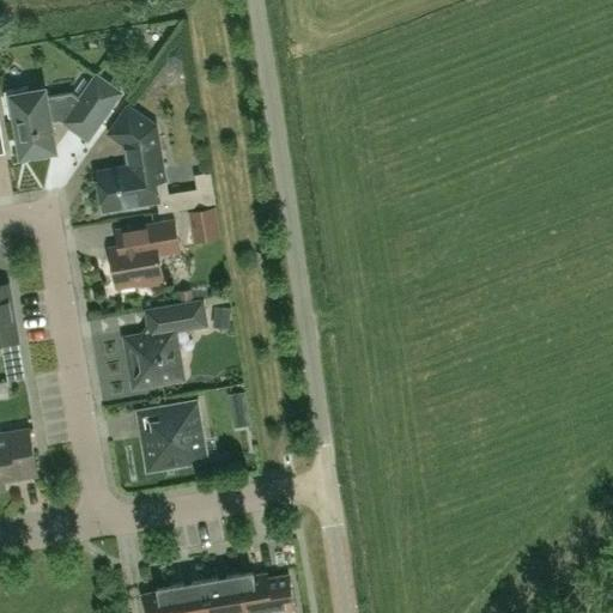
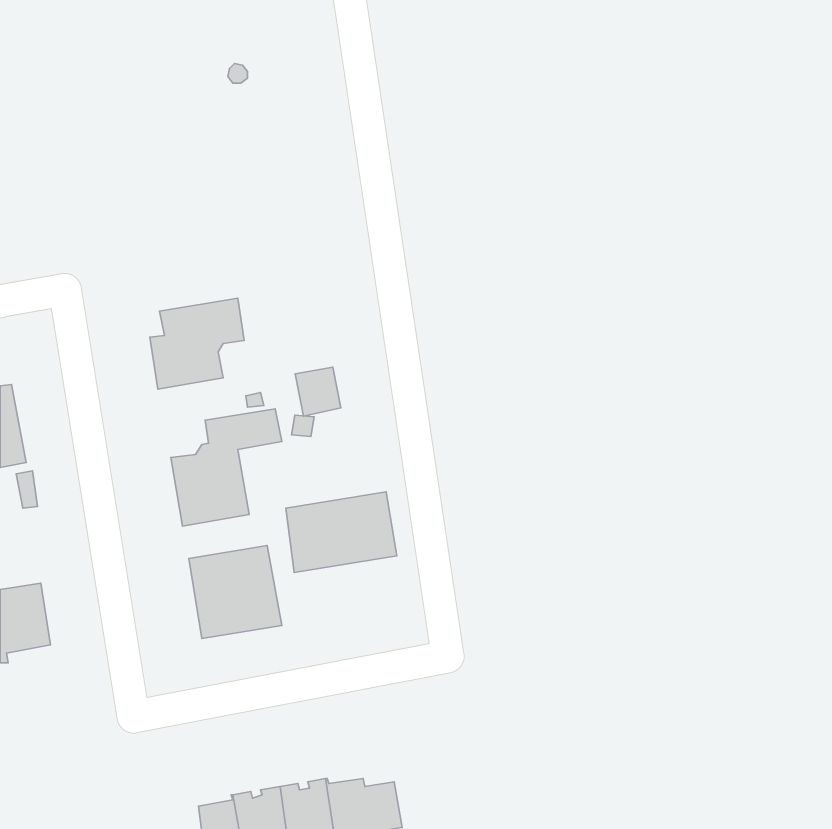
building: [5,78,121,158] -> none
building: [97,107,164,213] -> none
building: [188,210,221,245] -> [295,367,341,416]
building: none -> [286,492,397,573]

